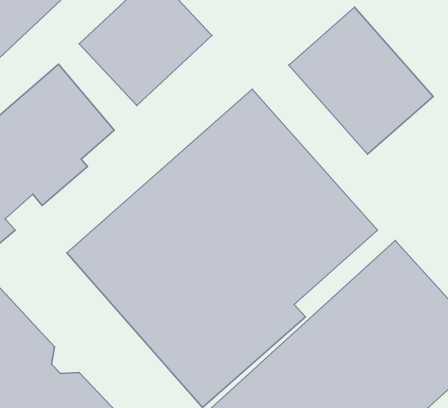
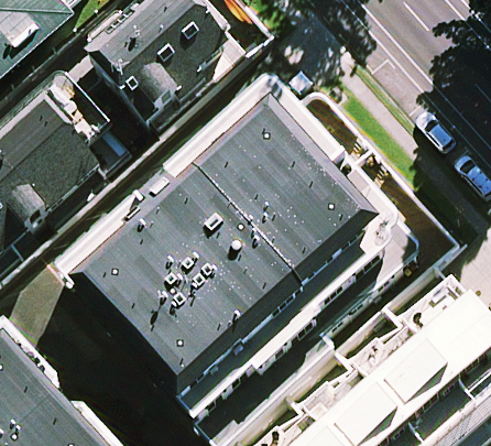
building: [289,7,433,154] -> none

